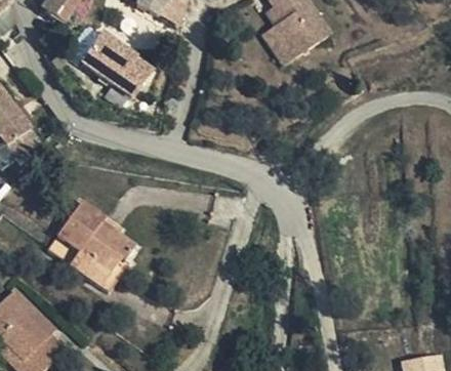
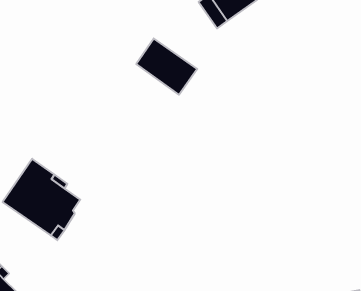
building: [82,34,150,96] -> [136,38,197,95]

